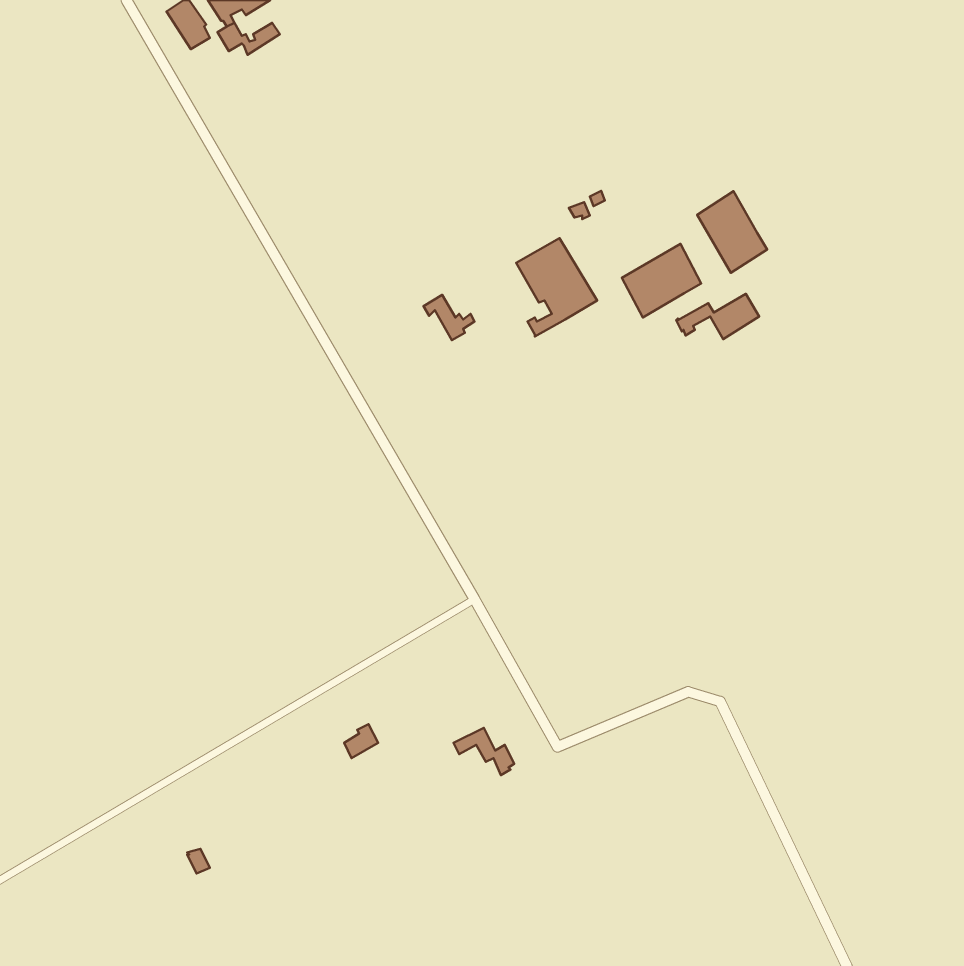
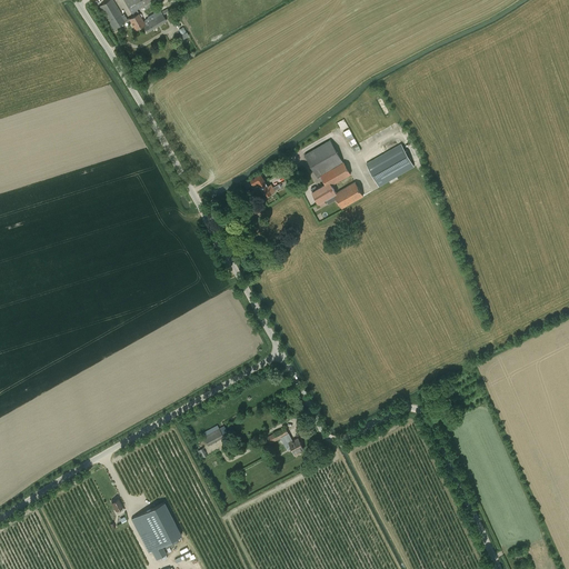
building: [697,191,767,273] -> none
building: [676,294,759,339] -> [313,182,362,209]
building: none -> [131,502,180,559]

